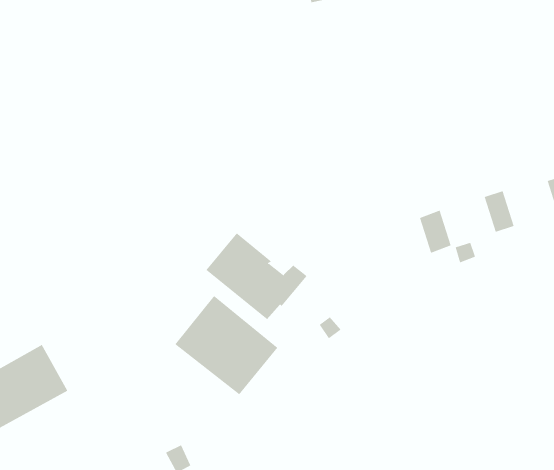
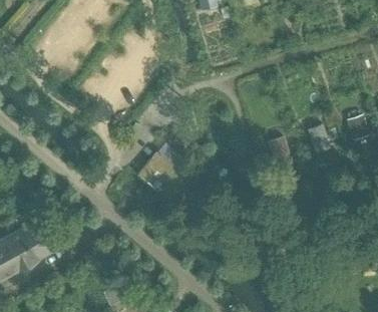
building: [174,295,278,395] -> none

